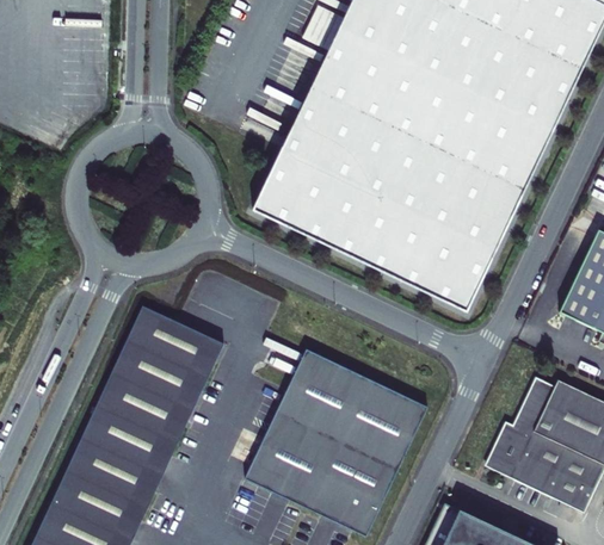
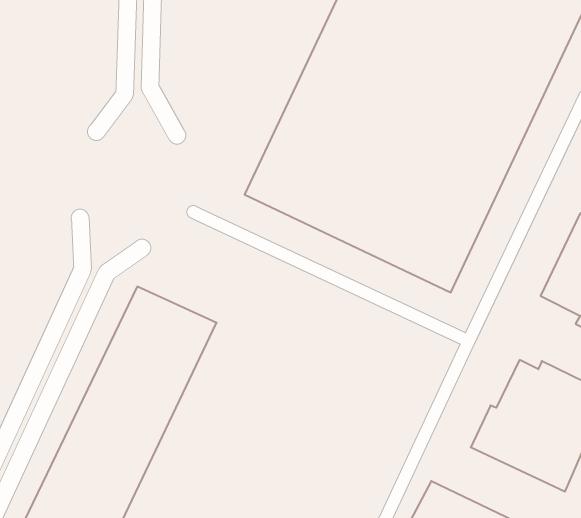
building: [245,346,427,533] -> none

